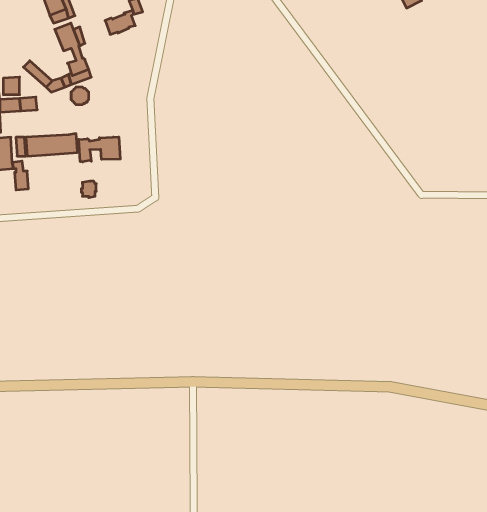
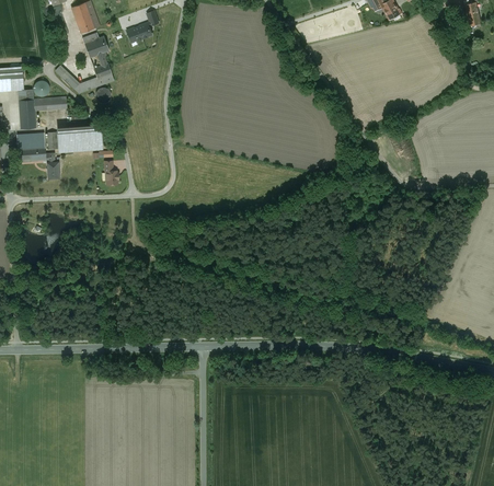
building: [79,137,120,162] -> none

